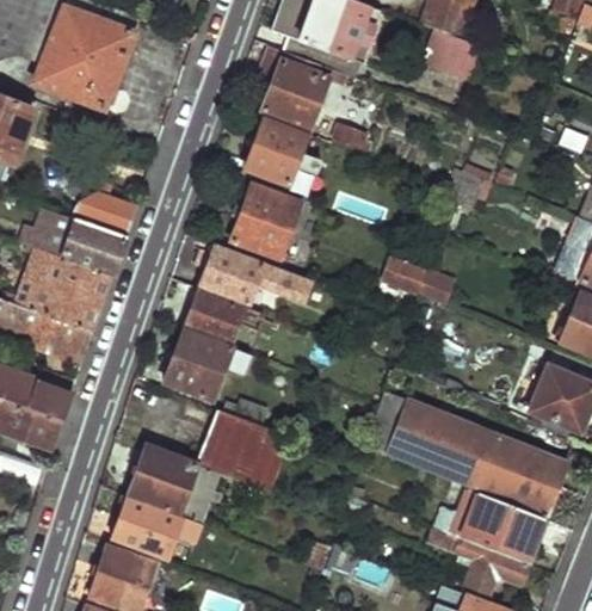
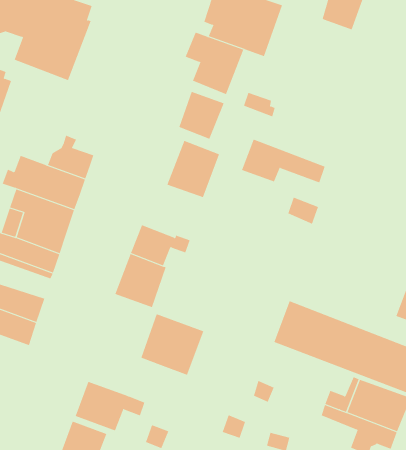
building: [421,30,485,81] -> none
building: [201,247,309,304] -> [241,139,325,183]
building: [129,448,222,524] -> none

